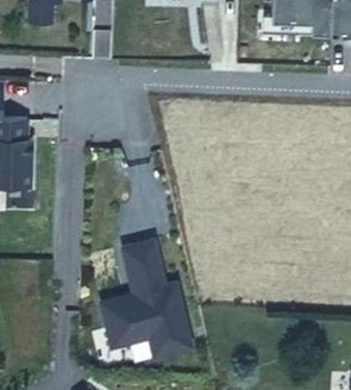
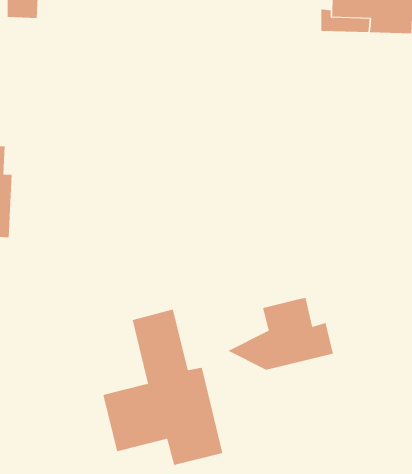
building: none -> [227,297,333,371]

